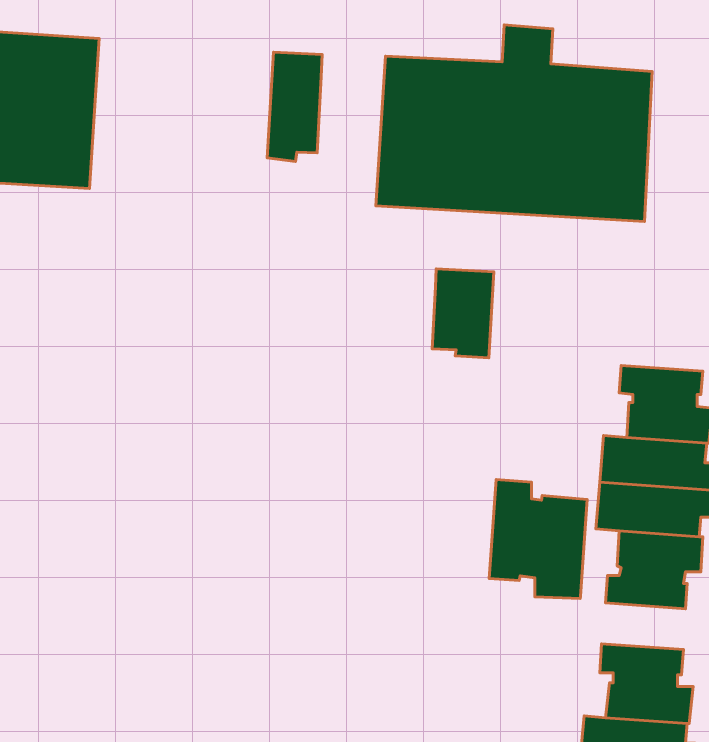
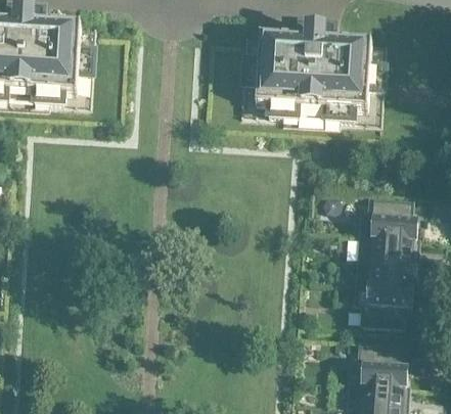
building: [267,52,322,161] -> none
building: [432,269,494,358] -> none
building: [489,480,587,598] -> none

